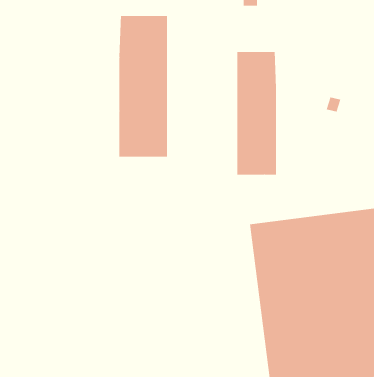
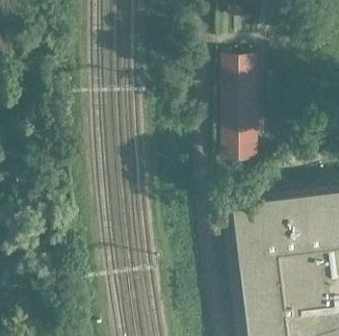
building: [119,15,168,157] -> none

